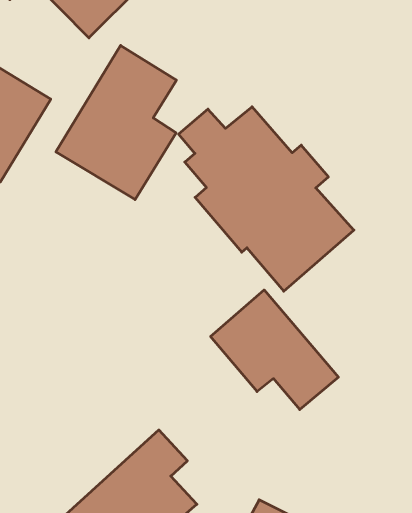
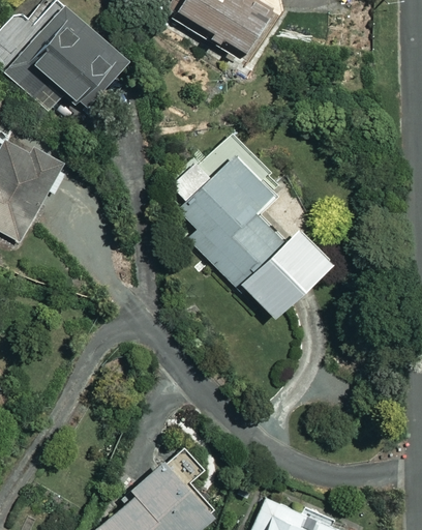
building: [56,45,176,200] -> none
building: [211,290,338,410] -> none

